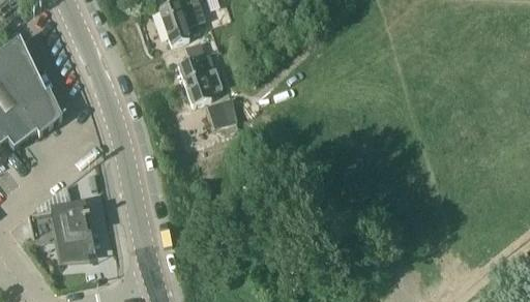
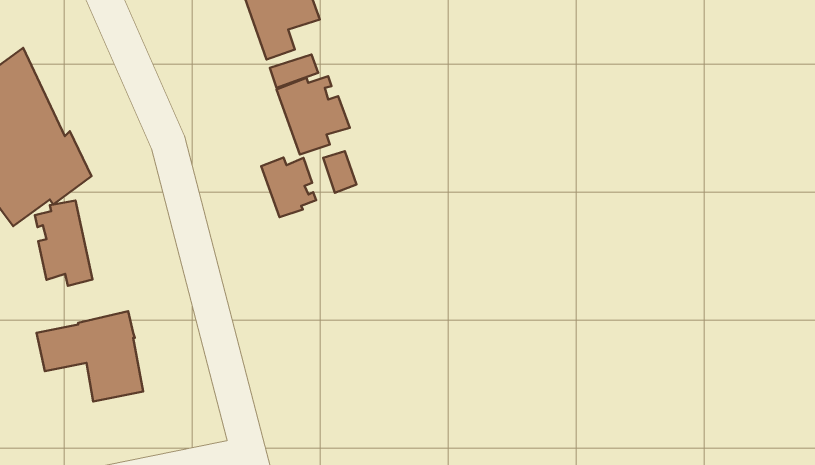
building: none -> [261,157,316,217]
building: none -> [35,201,93,286]

